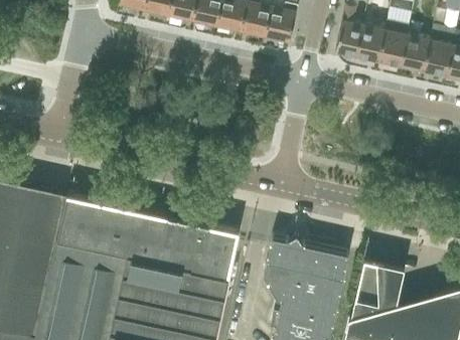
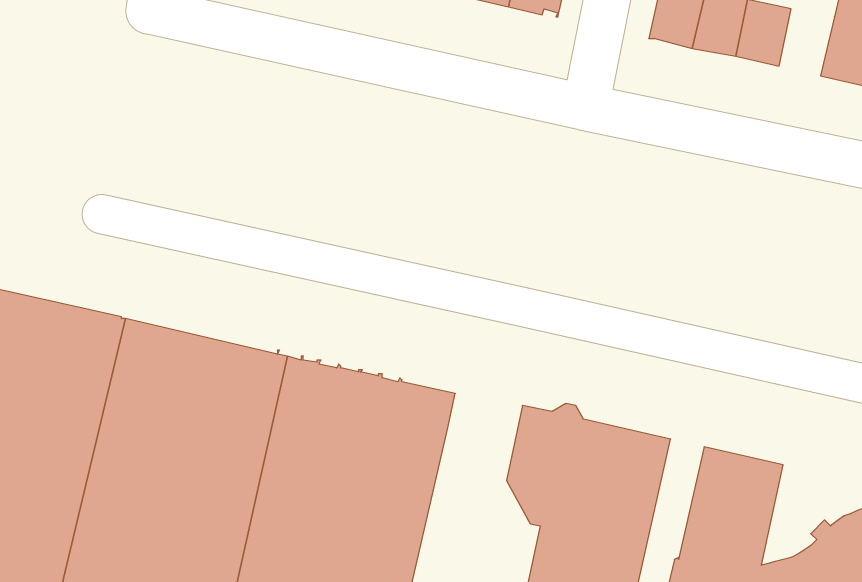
building: [403,37,431,71] -> none

